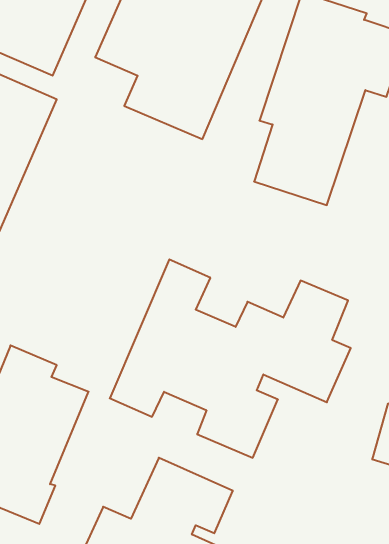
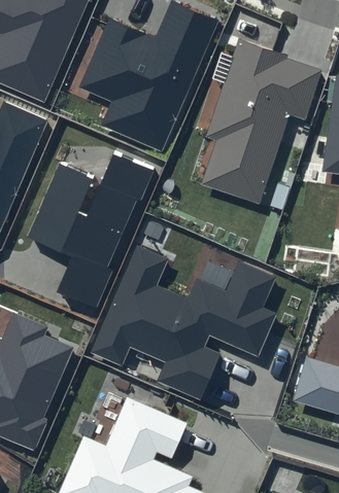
building: none -> [26,152,157,308]

